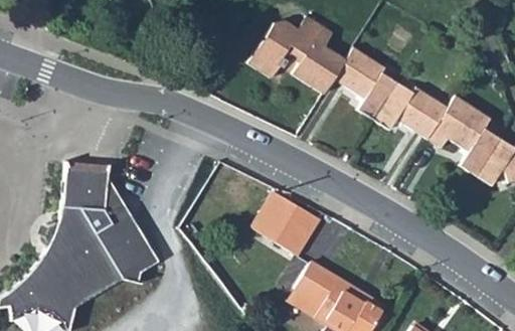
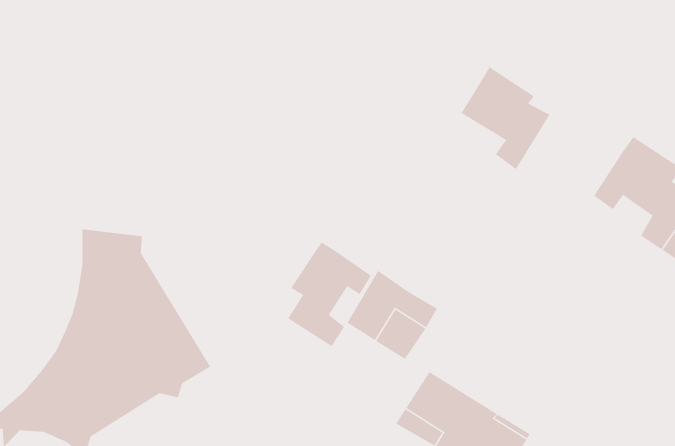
building: [249,18,347,96] -> none
building: [373,81,448,139] -> none
building: none -> [287,242,372,347]

